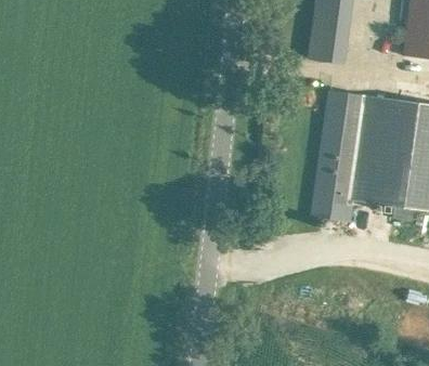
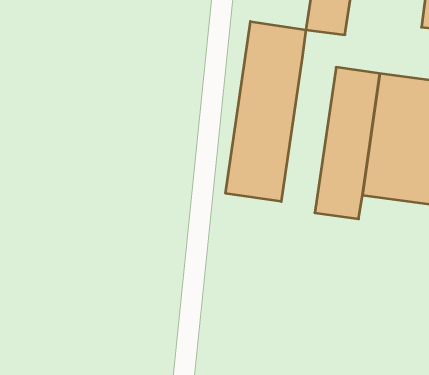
building: none -> [226,21,306,202]

